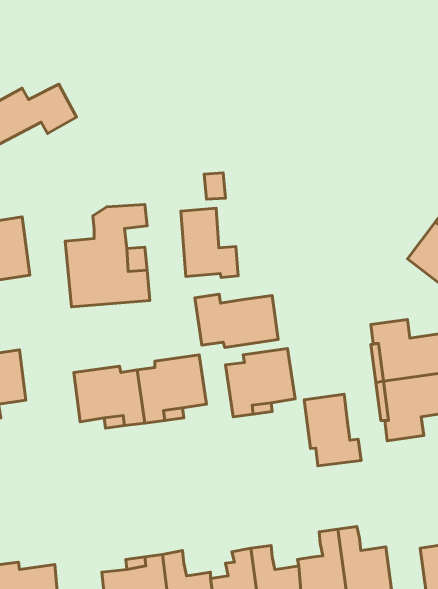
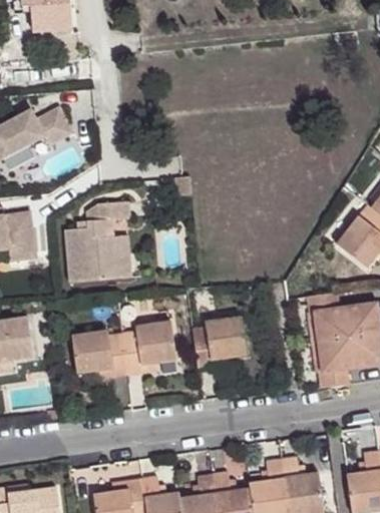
building: [181,208,238,277] -> none
building: [195,294,278,347] -> none
building: [304,394,361,466] -> none

